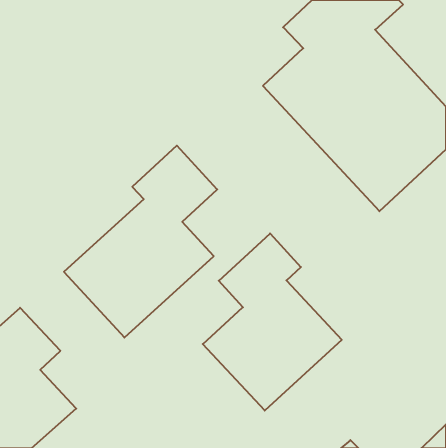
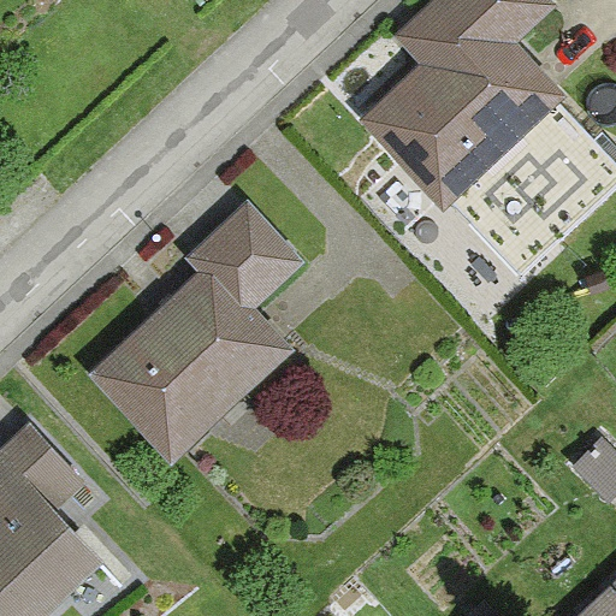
building: [203,233,342,411] -> none

